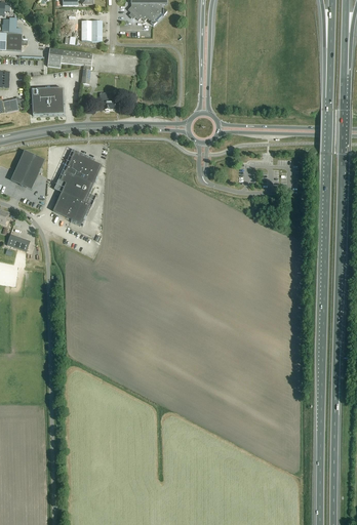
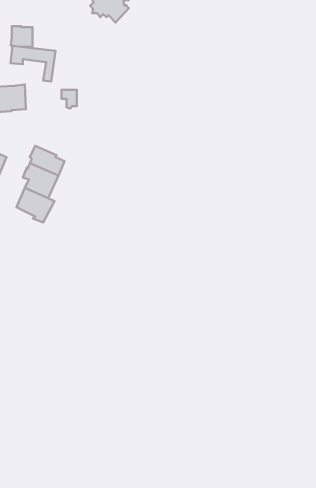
building: [80,19,102,40] -> [11,26,32,47]

